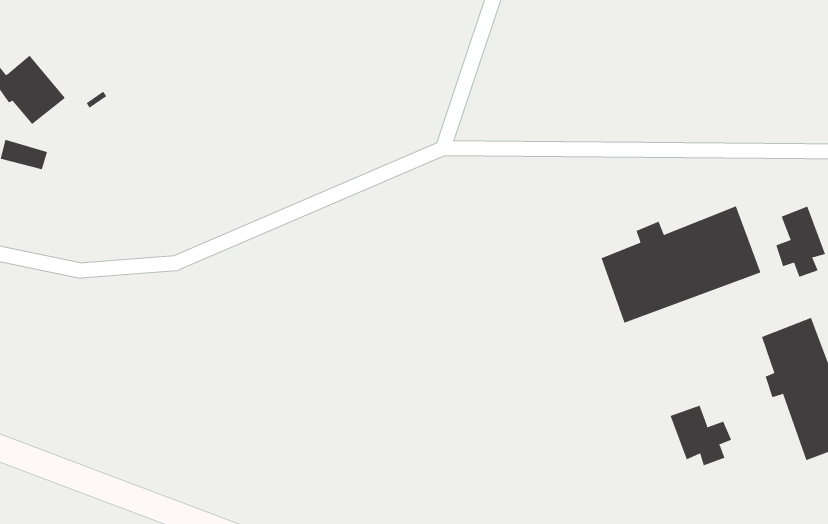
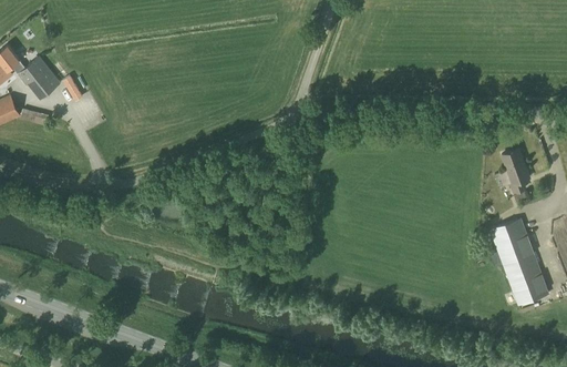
building: [601,205,761,323] -> none
building: [670,405,732,466] -> none

